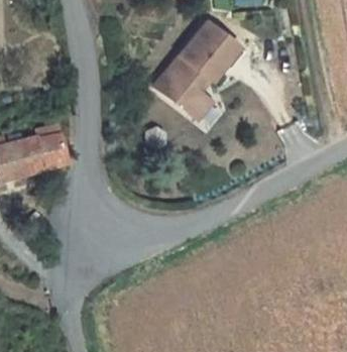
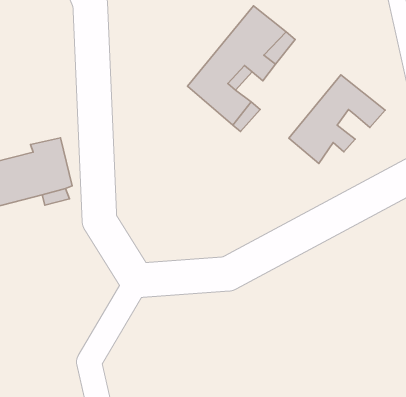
building: none -> [289,75,385,163]

